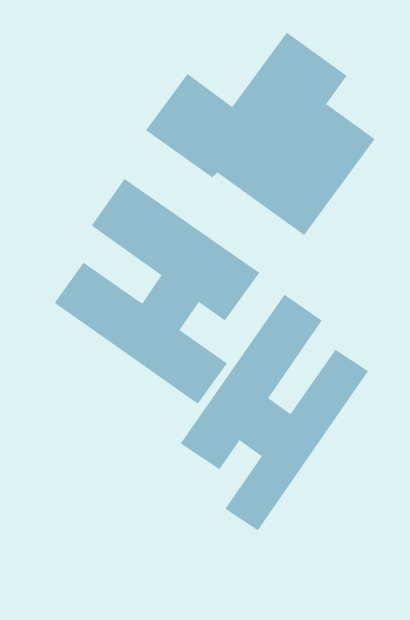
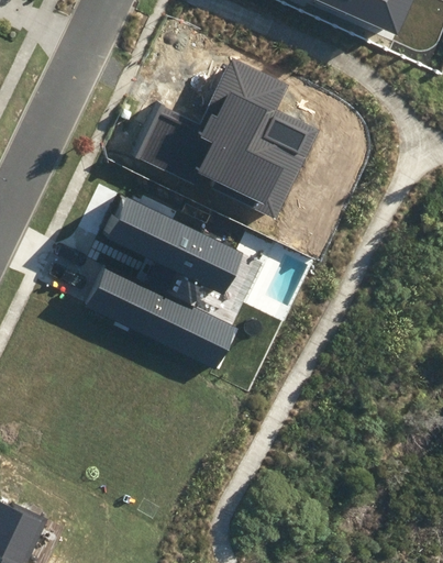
building: [180,294,369,531] -> none

